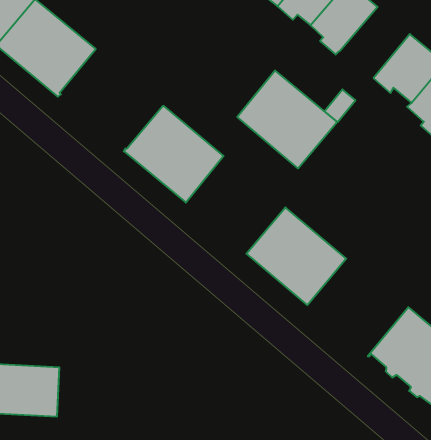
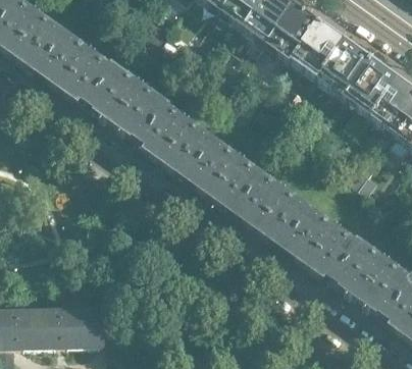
building: none -> [297,23,348,76]
building: none -> [91,68,170,143]
building: [237,71,337,168] -> [191,143,265,214]
building: none -> [287,212,362,283]

